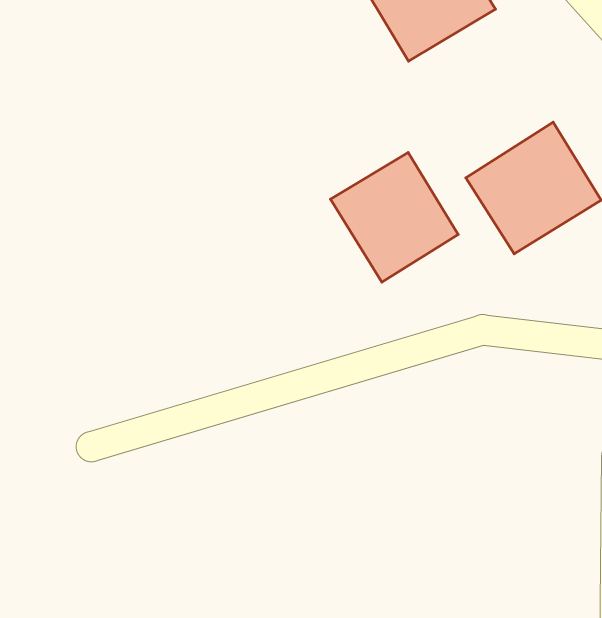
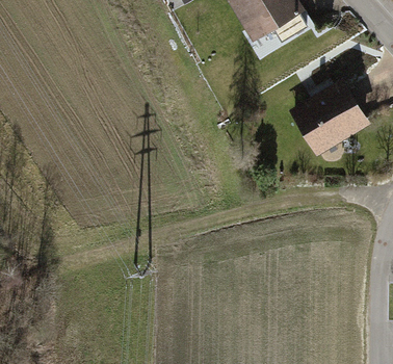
building: [330,153,458,282] -> none

